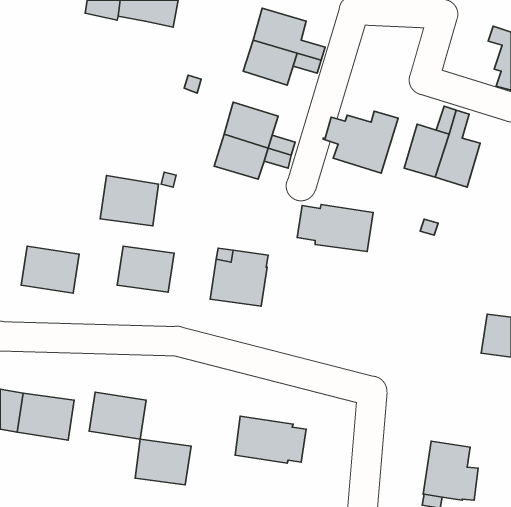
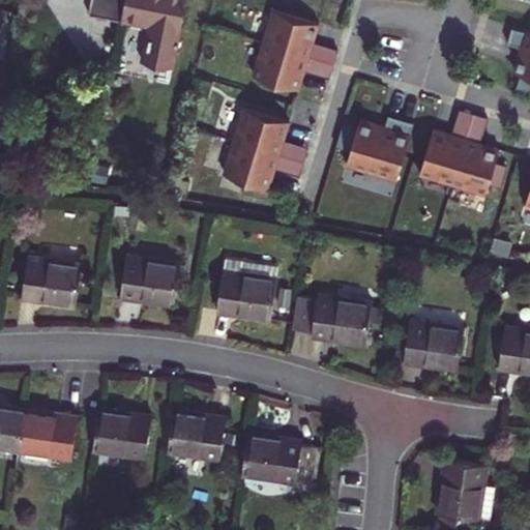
building: none -> [143,26,179,67]
building: [100,176,158,226] -> none
building: [297,205,373,252] -> [292,296,371,345]
building: none -> [404,323,464,372]
building: [135,439,191,485] -> [168,412,226,460]

